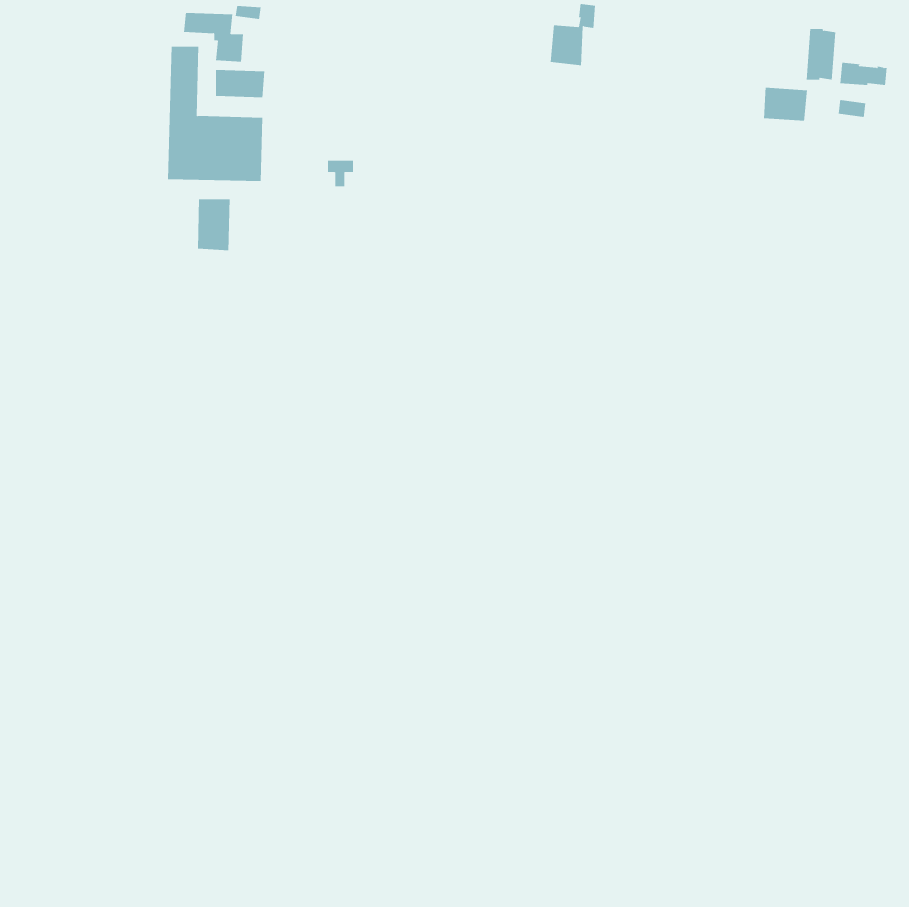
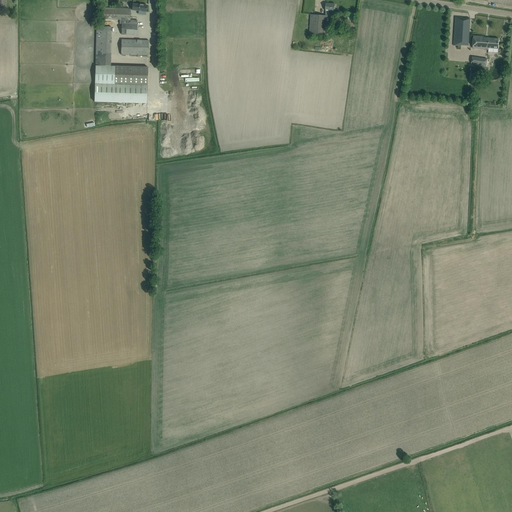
building: [764,87,808,122] -> none
building: [197,199,230,251] -> none

